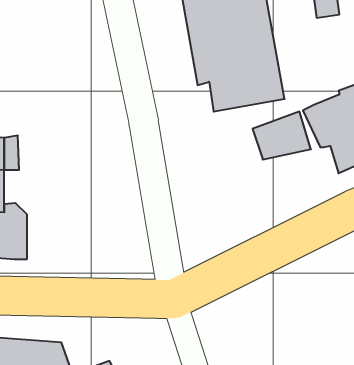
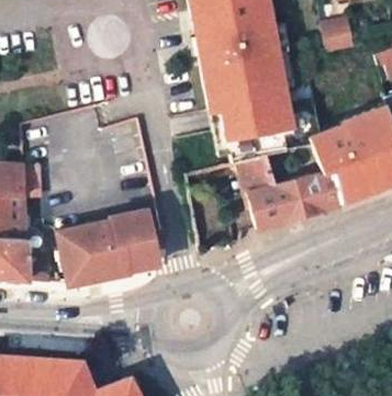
building: none -> [240,157,344,231]
building: none -> [56,212,159,286]

